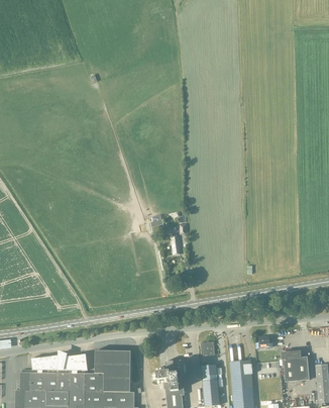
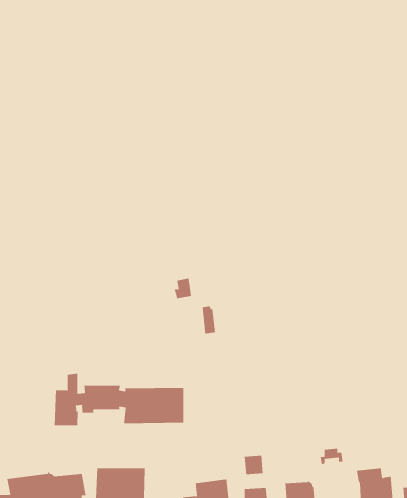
building: none -> [54,373,184,426]

